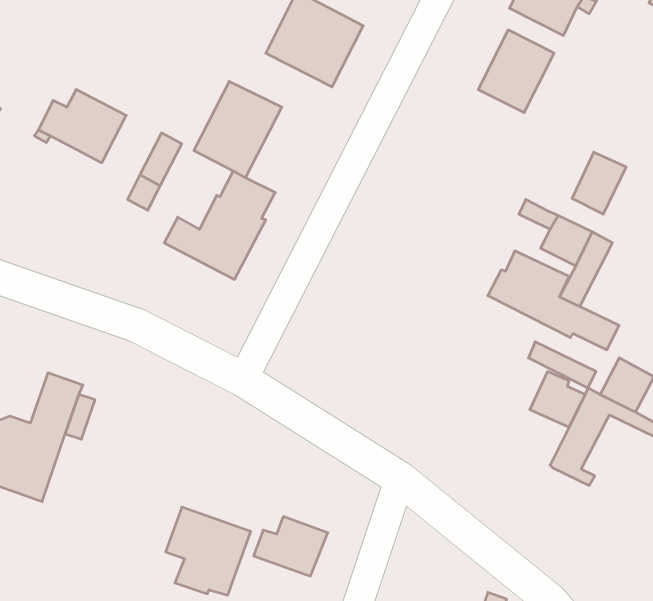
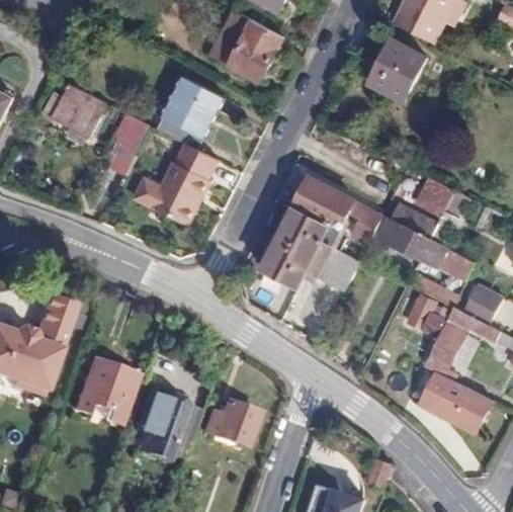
building: [572,152,626,214] -> none
building: none -> [261,178,381,291]
building: none -> [73,361,140,426]
building: none -> [410,366,492,432]

